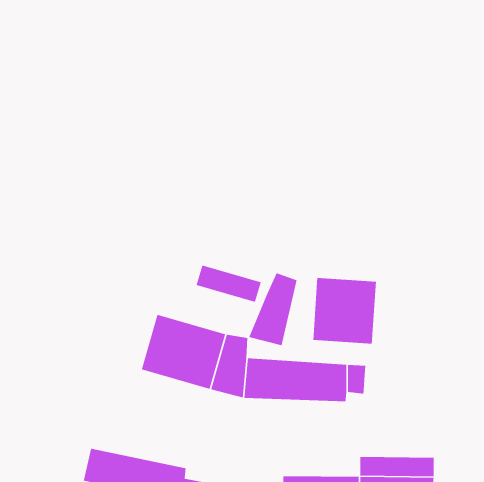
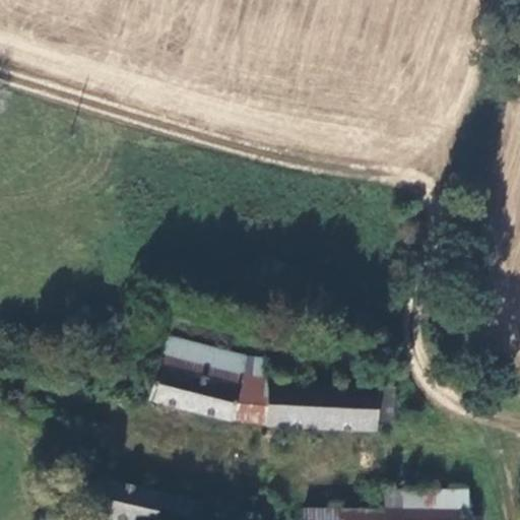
building: [195,265,262,303] -> none
building: [248,272,297,346] -> none
building: [312,277,377,344] -> none

